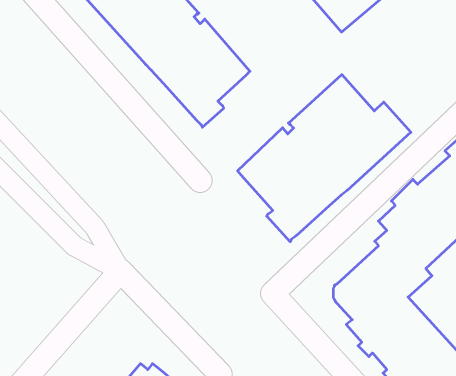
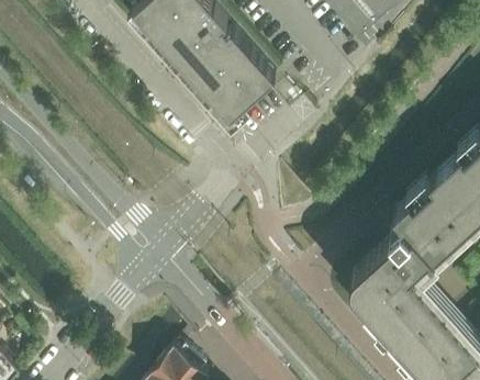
building: [238,75,411,242] -> none

